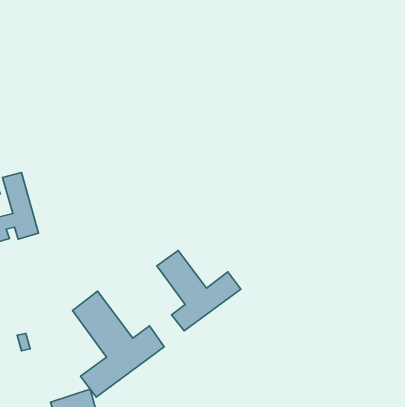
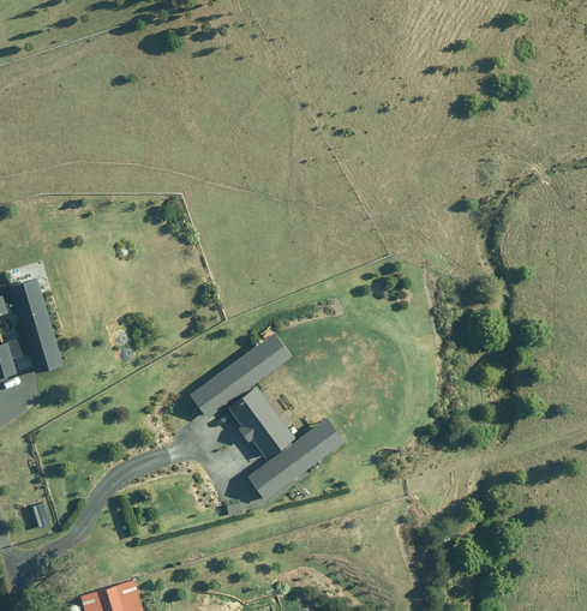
building: none -> [190,331,292,418]
building: [72,291,164,397] -> none

